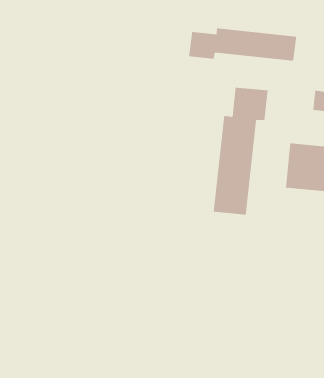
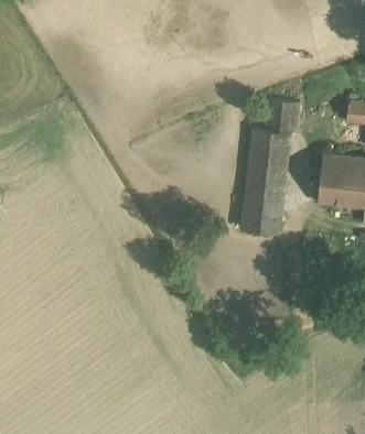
building: [189,27,297,62] -> none

